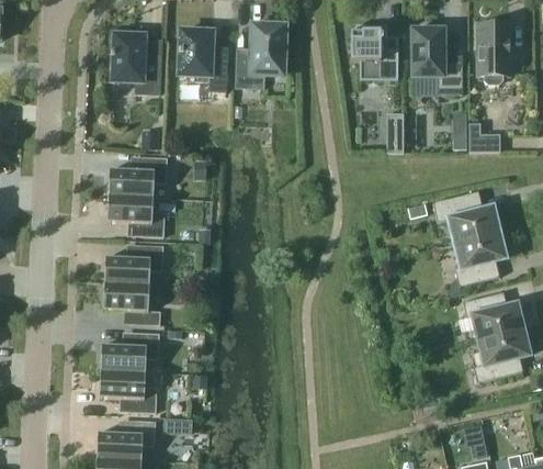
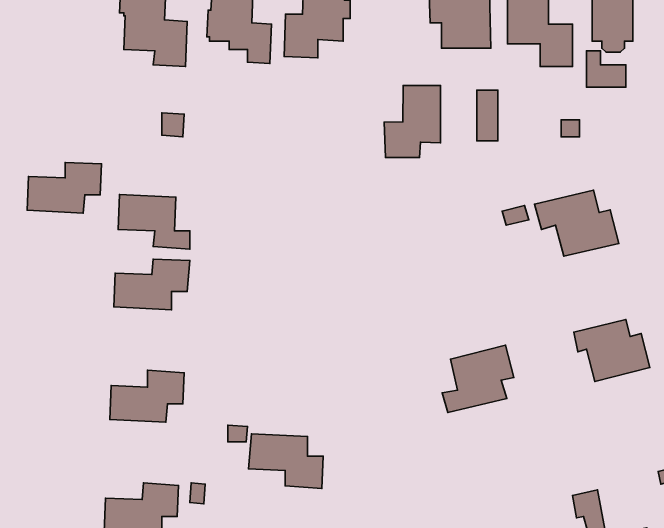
building: none -> [384,85,441,157]
building: [470,123,500,152] -> [586,51,626,87]
building: [109,157,167,197] -> [27,163,102,213]
building: [454,233,505,287] -> none
building: [103,282,160,325] -> none
building: [473,330,529,382] -> [442,345,514,413]
building: [99,370,157,413] -> [249,434,323,489]

